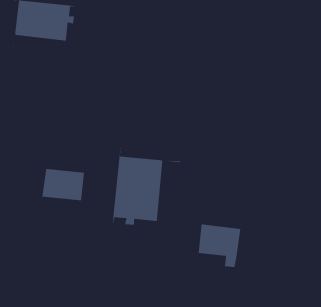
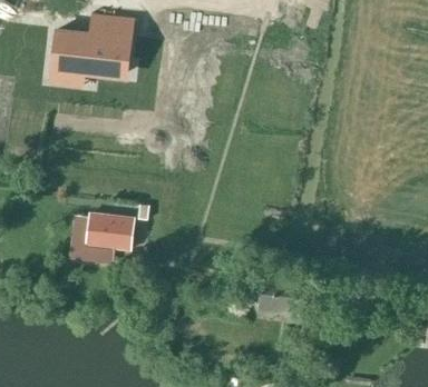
building: [112,146,181,226] -> none

